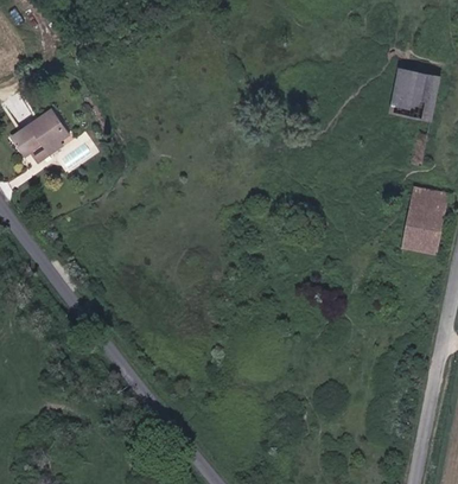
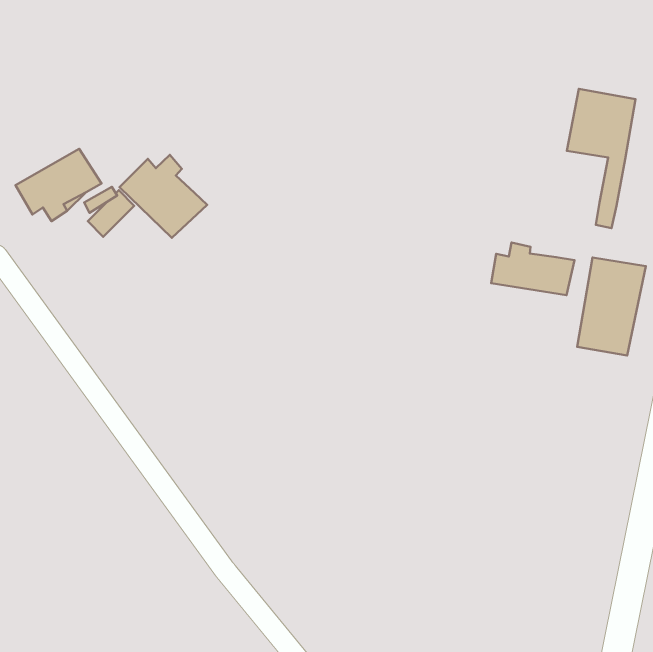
building: none -> [119,155,207,238]
building: none -> [491,243,574,295]

